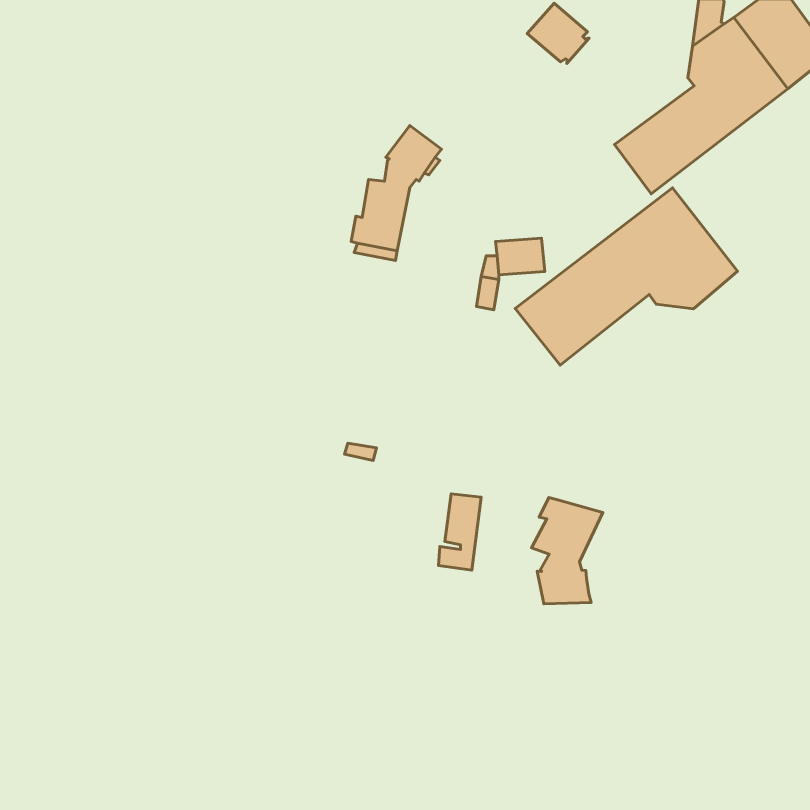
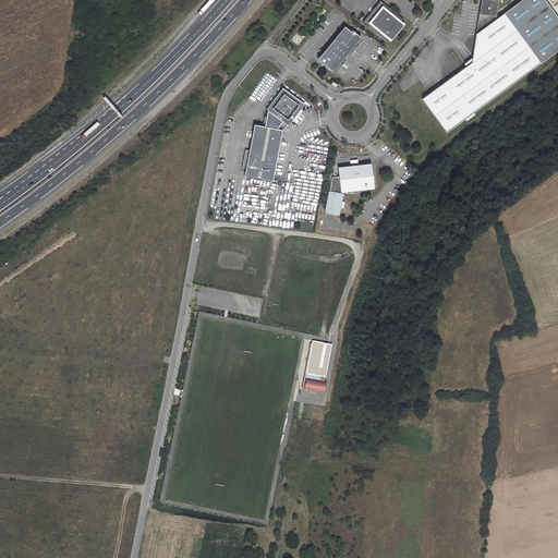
building: none -> [322,26,361,70]
building: [515,188,737,365] -> none
building: [532,498,603,604] -> none

